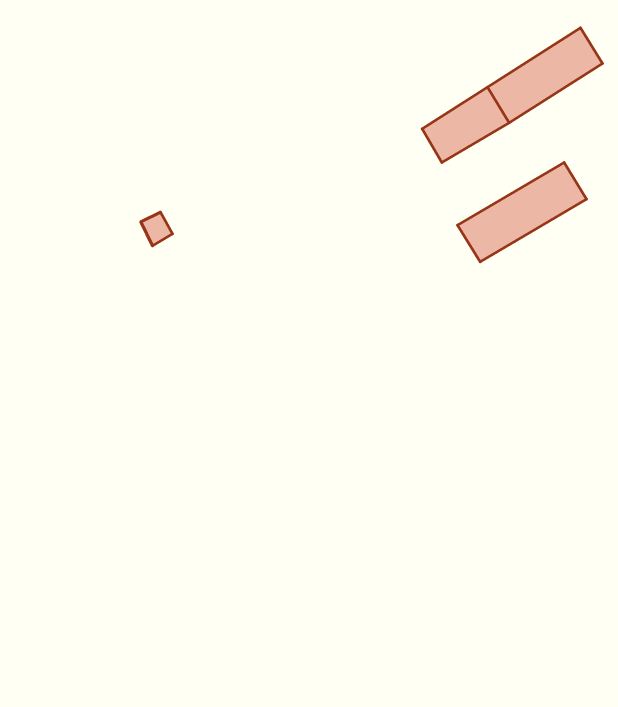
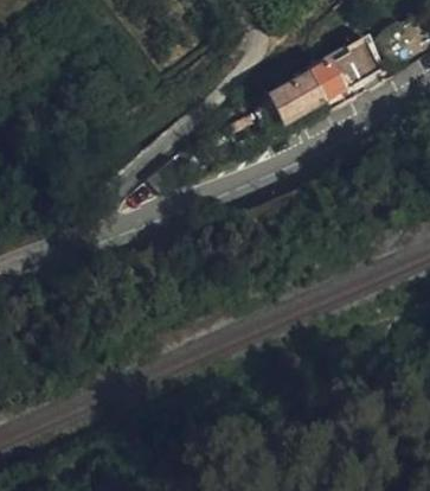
building: [457,163,587,262] -> none

